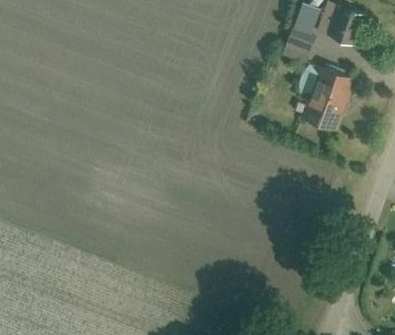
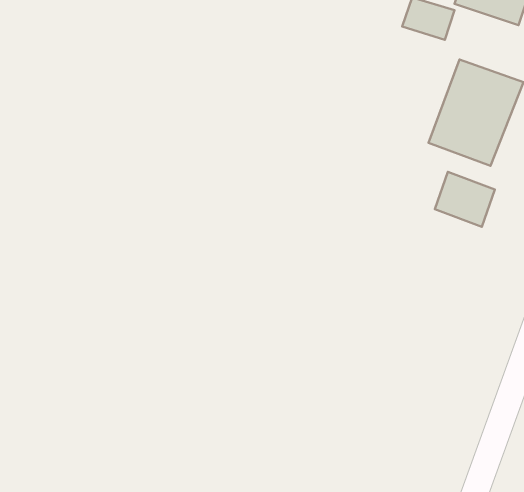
building: none -> [435,172,495,227]

